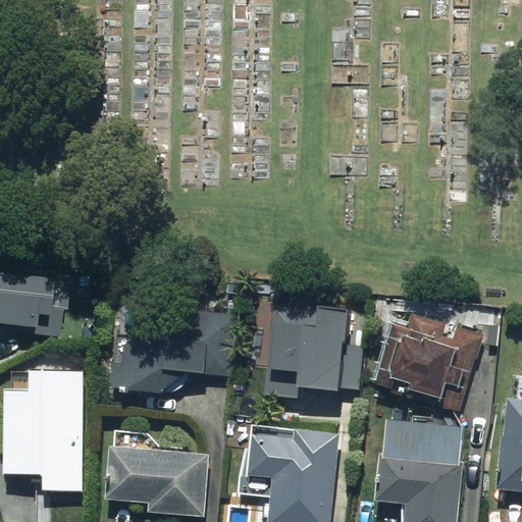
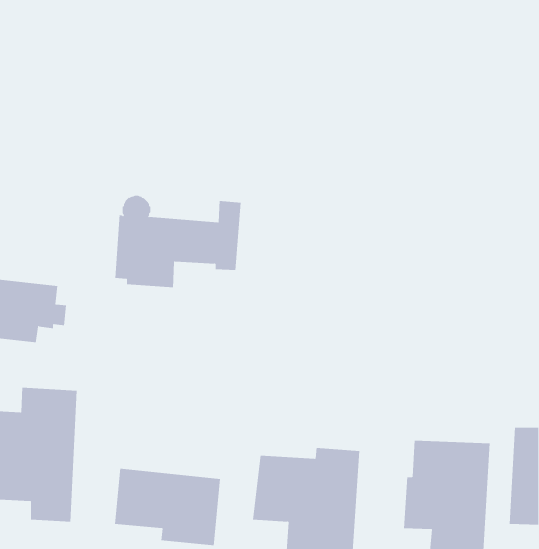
building: [264,296,356,396] -> none
building: [113,307,233,395] -> [114,195,242,288]
building: [380,312,482,411] -> none

